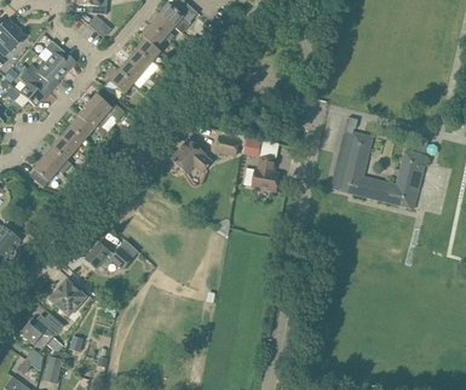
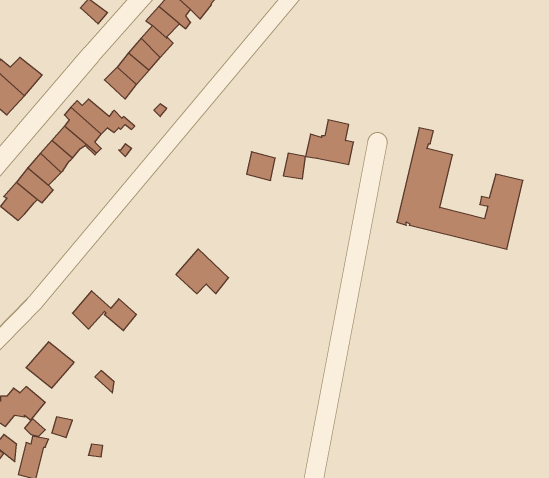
building: [45,41,74,76] -> none
building: [171,137,211,171] -> [176,249,229,294]
building: [243,157,280,191] -> [306,120,354,165]

